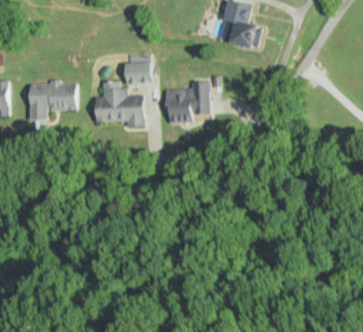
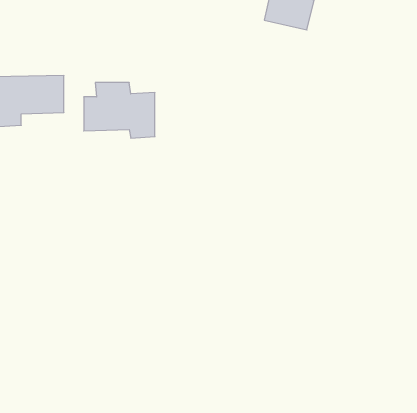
building: [125,64,149,81] -> none
building: [165,84,211,119] -> none

